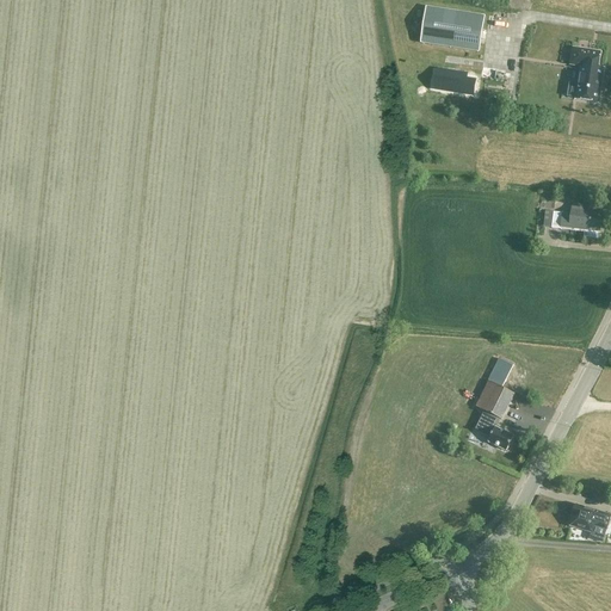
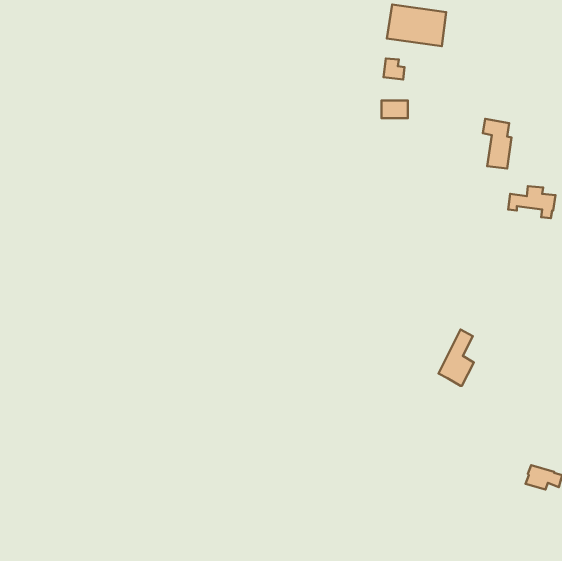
building: [570,47,601,100] -> [483,119,512,168]
building: [446,69,475,88] -> [381,100,408,118]
building: [475,409,512,449] -> none

